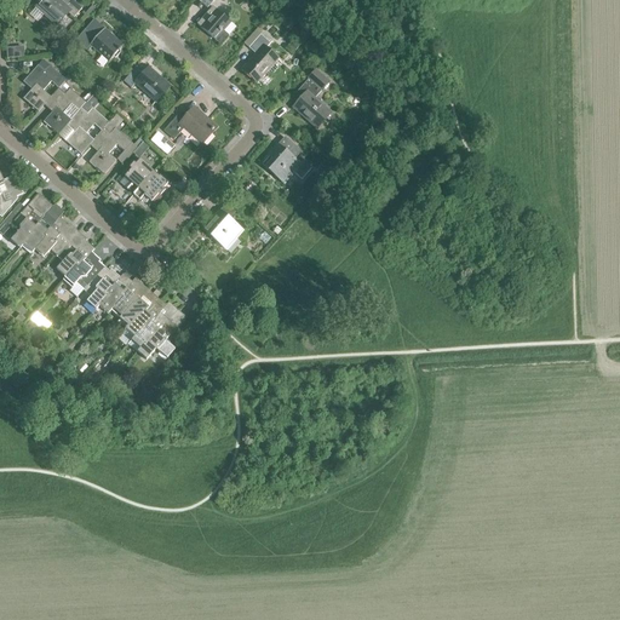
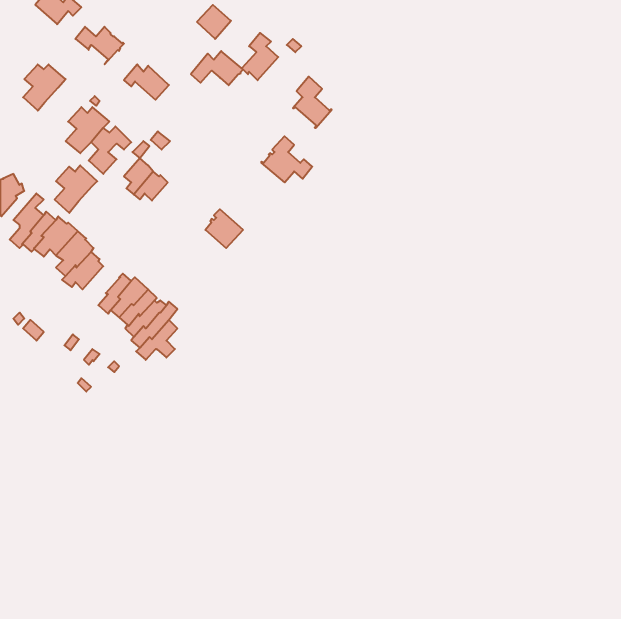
building: [44,86,86,133] -> [55,165,97,213]
building: [163,107,216,140] -> [191,51,243,85]
building: [82,265,120,308] -> none

